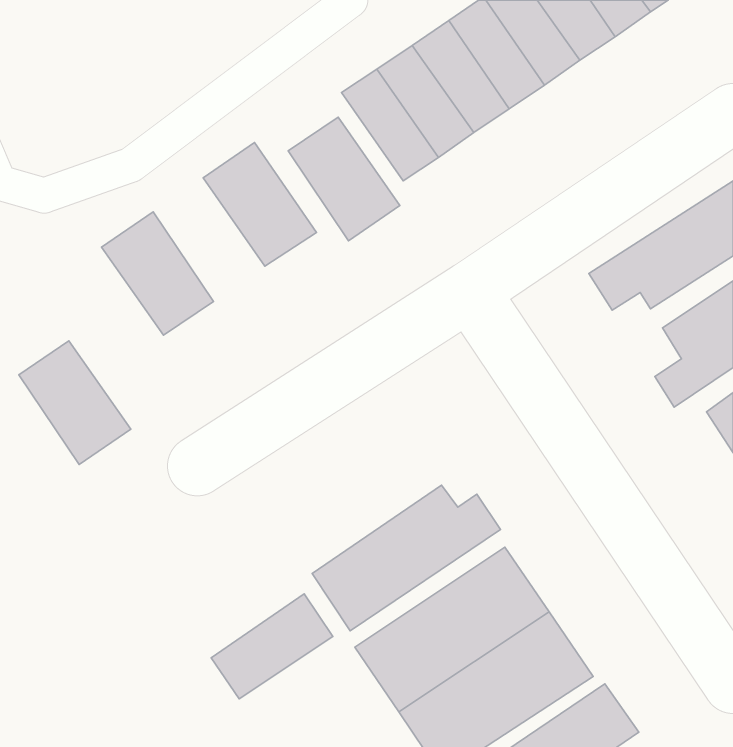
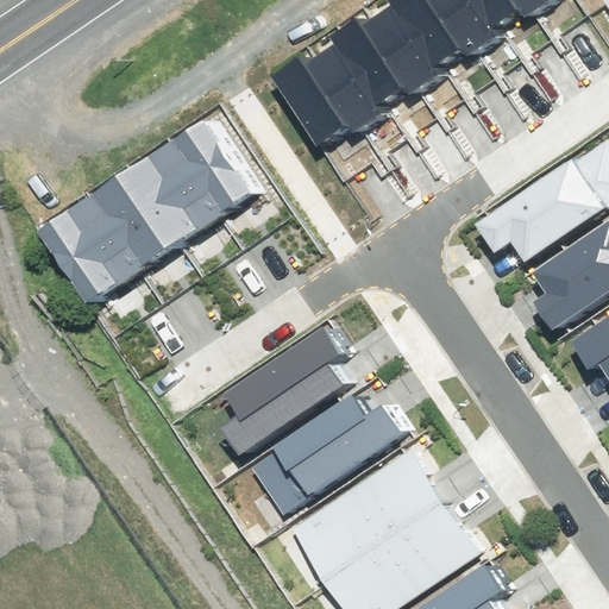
building: [288,117,400,241] -> [124,147,214,247]
building: [19,341,131,464] -> [42,203,132,303]
building: none -> [212,325,350,448]
building: [211,594,333,699] -> none

